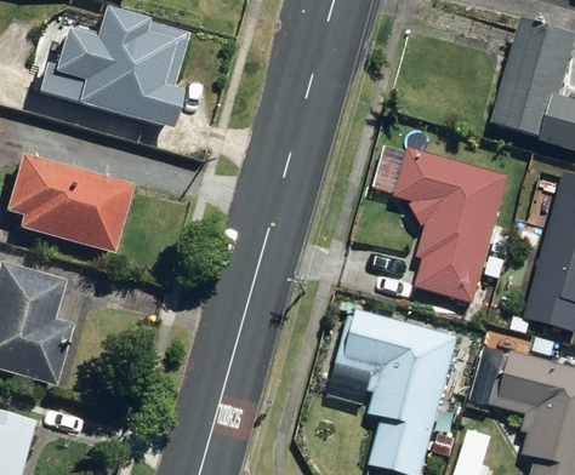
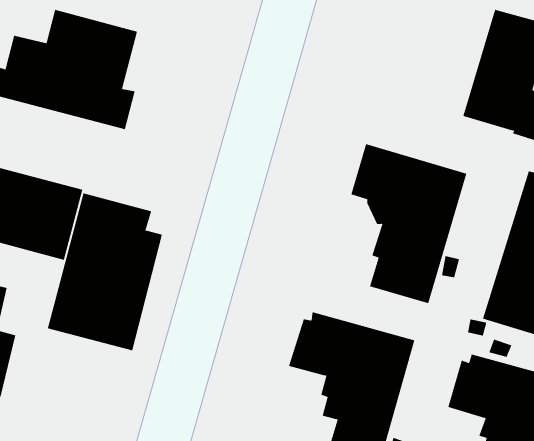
building: none -> [47,192,163,351]

